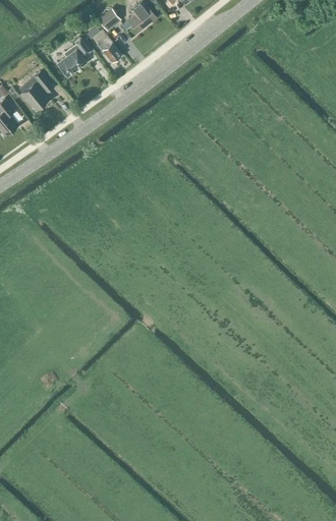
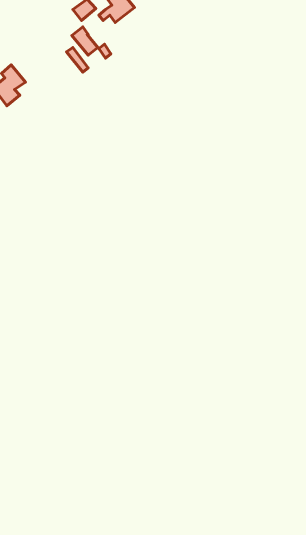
building: [55,37,89,76] -> none

